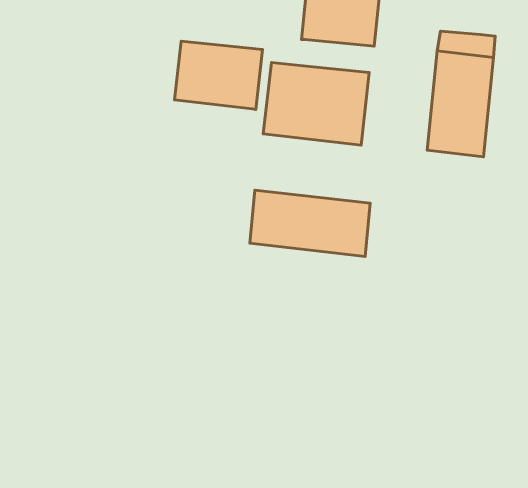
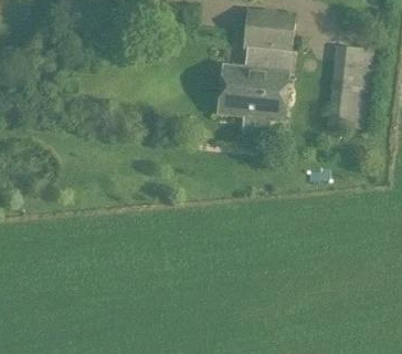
building: [175,41,263,110] -> none
building: [250,190,370,256] -> none

